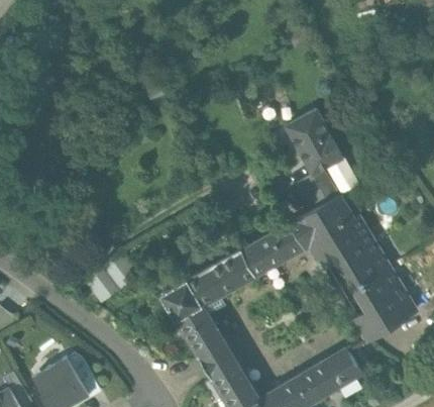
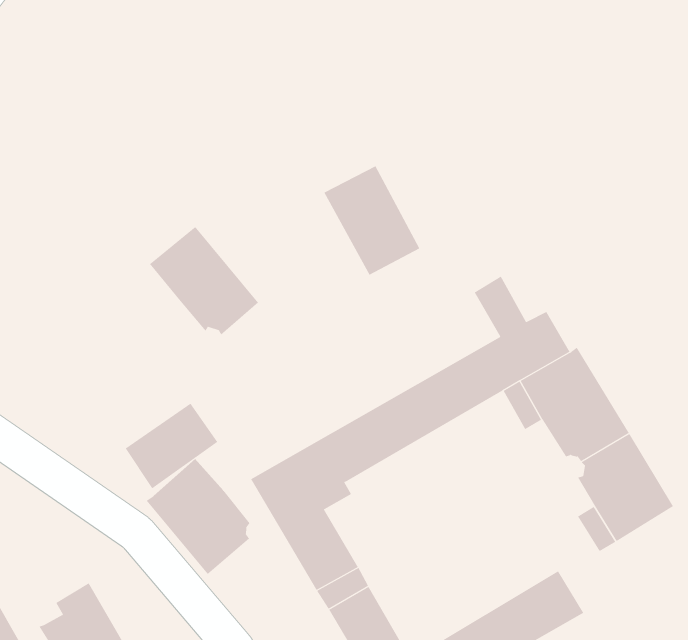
building: [285,108,342,174] -> [323,165,420,276]
building: none -> [149,226,259,336]
building: none -> [146,458,250,575]

